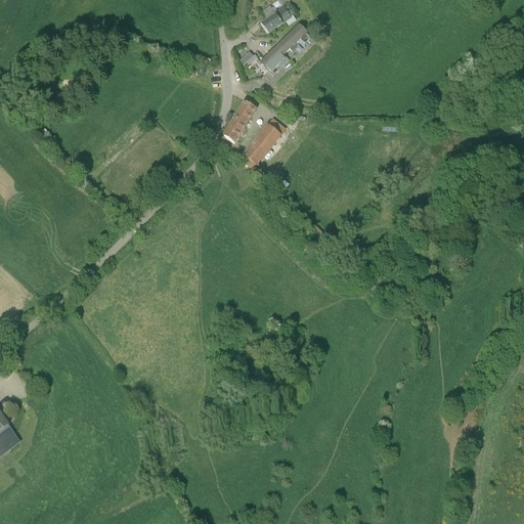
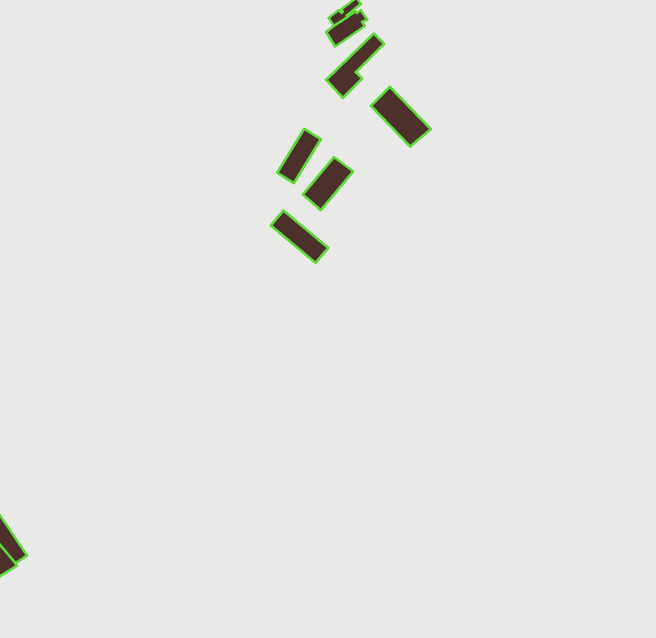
building: none -> [371,87,431,147]
building: none -> [271,211,328,263]

